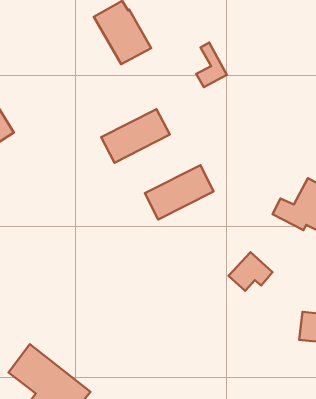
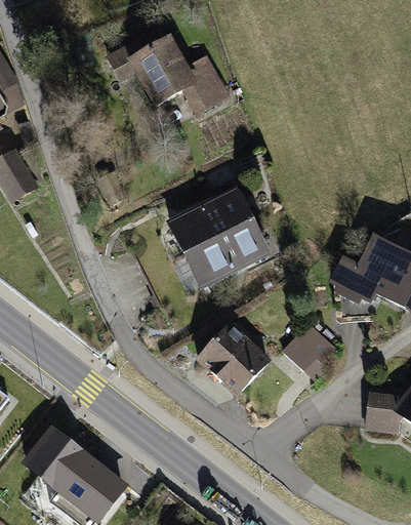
building: [196,42,227,87] -> [190,58,225,111]
building: [101,109,170,163] -> [171,192,251,254]
building: none -> [199,325,269,395]

